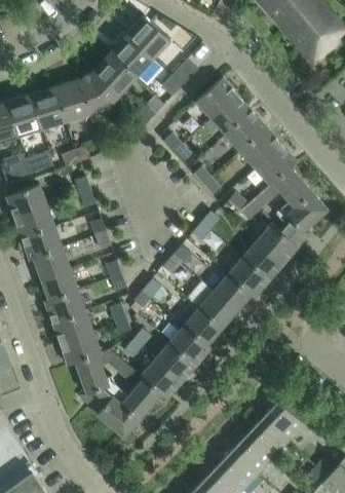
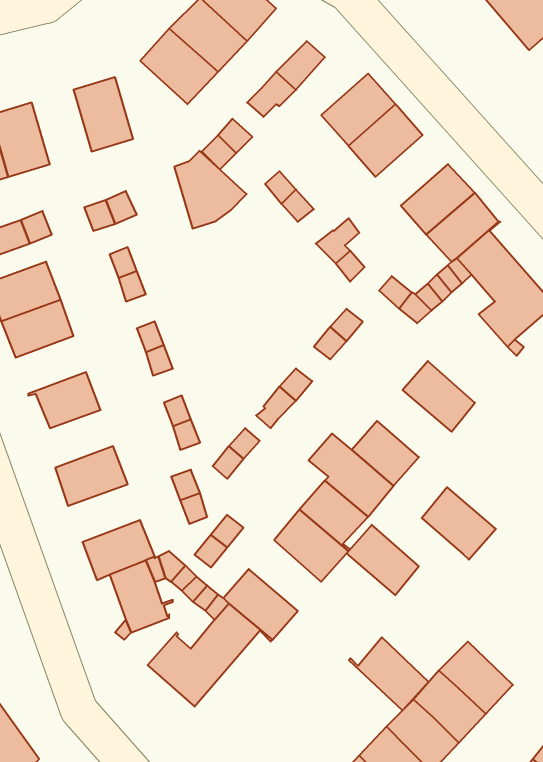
building: [78,71,119,115] -> [174,151,247,228]
building: [31,87,65,129] -> none
building: [226,113,267,153] -> none
building: [256,224,299,265] -> none
building: [22,227,62,260] -> none
building: [227,258,269,299] -> [422,487,496,560]
building: [41,269,77,302] -> none
building: [51,311,92,344] -> none
building: [154,343,195,383] -> [346,525,419,595]
building: none -> [349,637,428,710]

